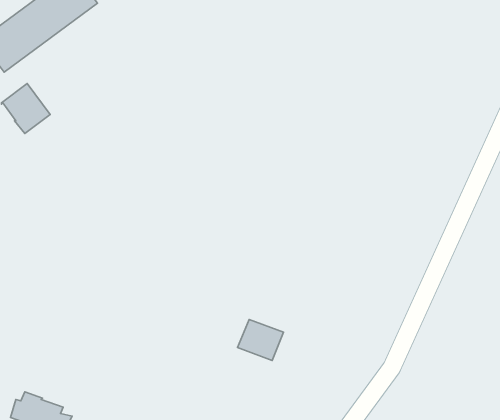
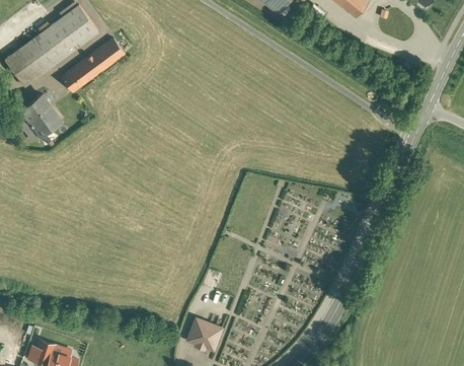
building: none -> [62,39,125,91]
building: [238,319,284,360] -> [186,317,223,350]

